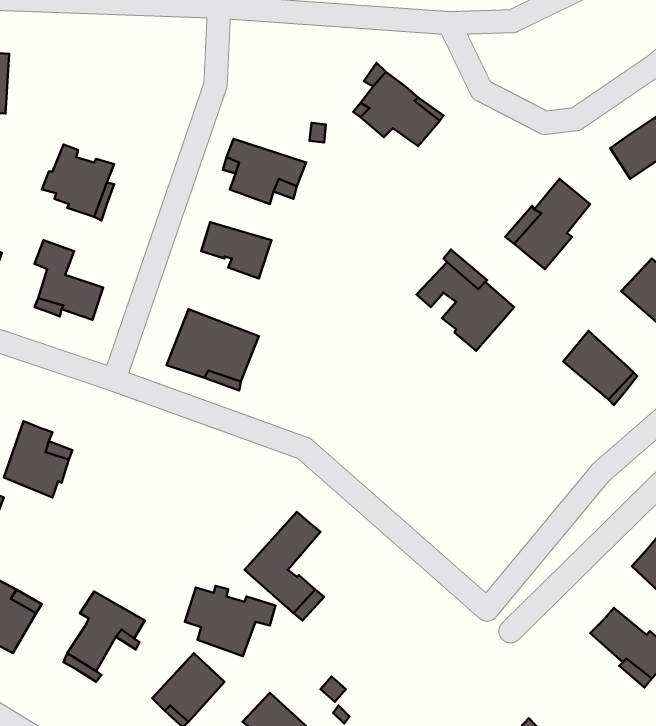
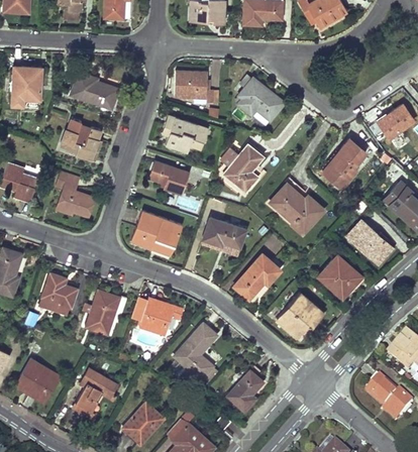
building: none -> [175,72,214,104]
building: none -> [71,73,118,109]
building: none -> [223,144,263,193]
building: none -> [203,219,245,248]
building: none -> [234,254,281,300]
building: none -> [318,255,361,296]
building: none -> [86,291,127,335]
building: none -> [277,293,323,337]
building: [185,586,275,656] -> [132,297,183,336]
building: none -> [227,366,262,411]

